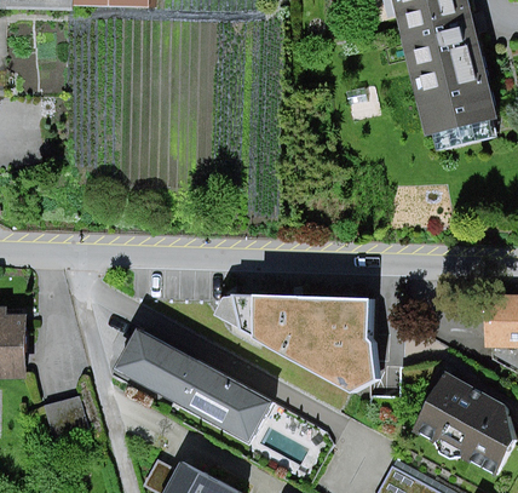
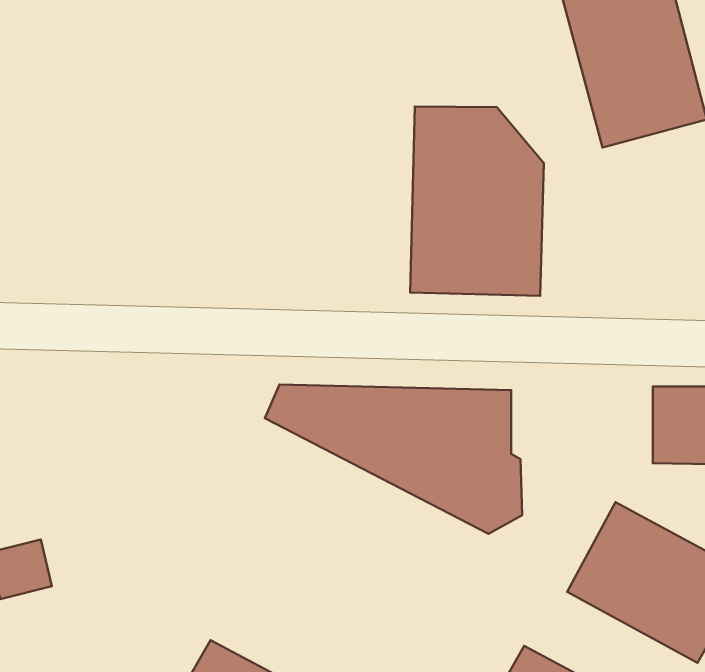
building: none -> [410,106,544,296]
building: [117,328,277,446] -> none

